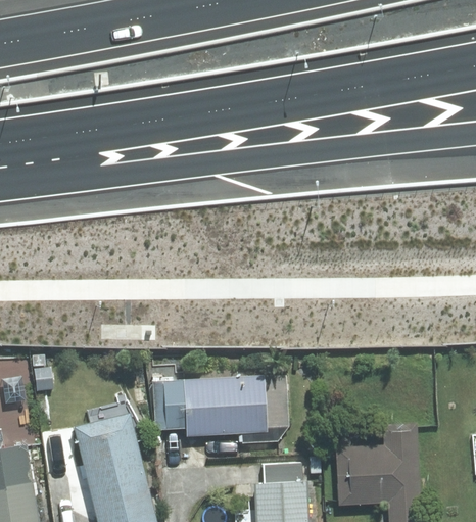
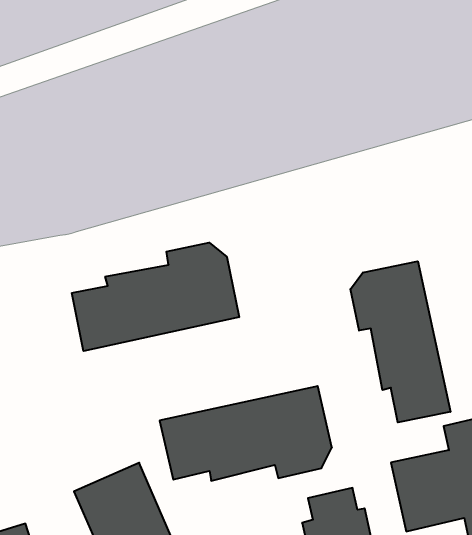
building: none -> [72,243,239,351]
building: none -> [350,261,450,422]

